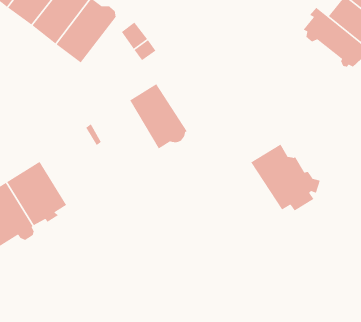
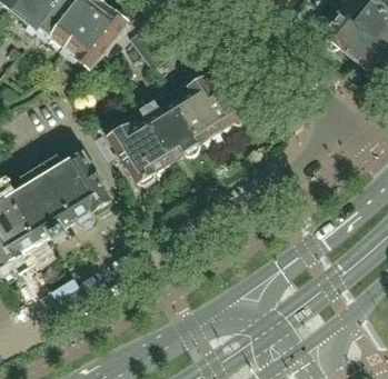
building: none -> [108,107,170,181]
building: none -> [44,149,110,222]
building: [250,143,321,212] -> [168,69,242,141]

